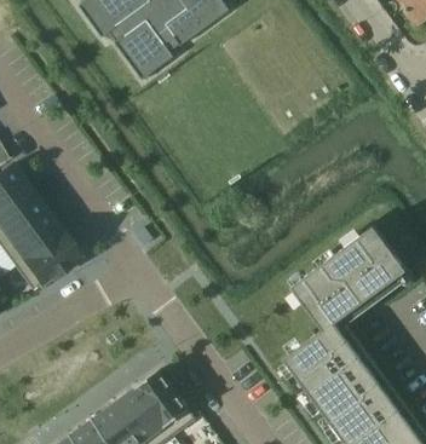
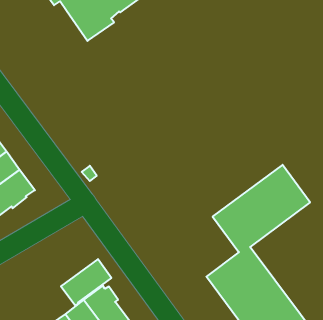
building: none -> [61,259,111,306]

